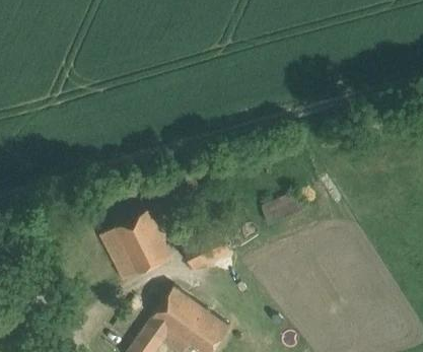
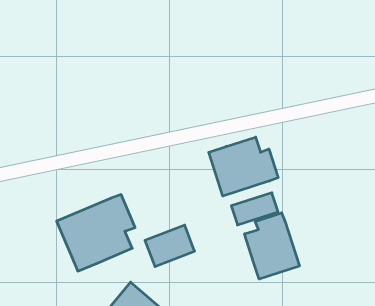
building: none -> [209,137,278,196]
building: none -> [245,213,299,279]

